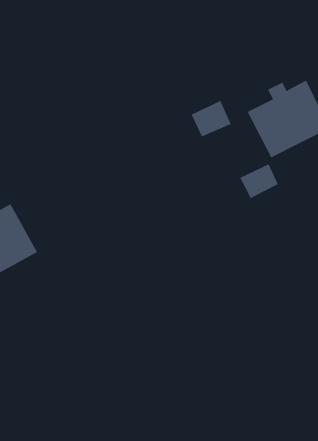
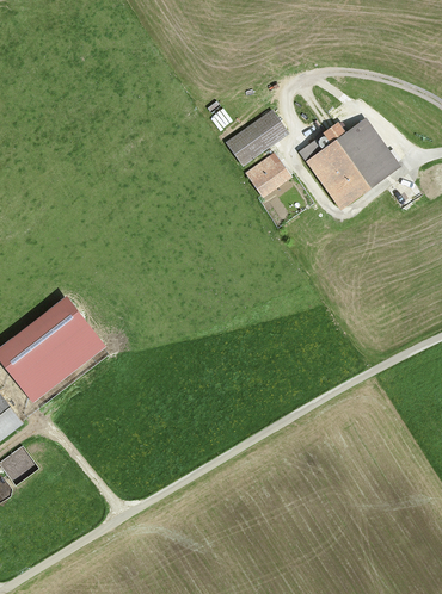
building: none -> [226,110,289,166]
building: [240,164,279,199] -> none

